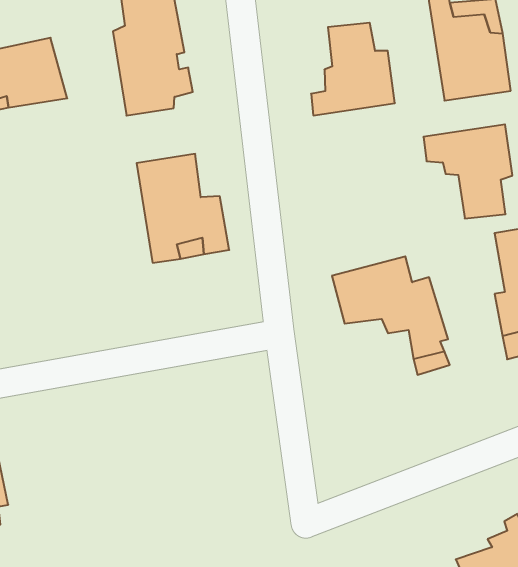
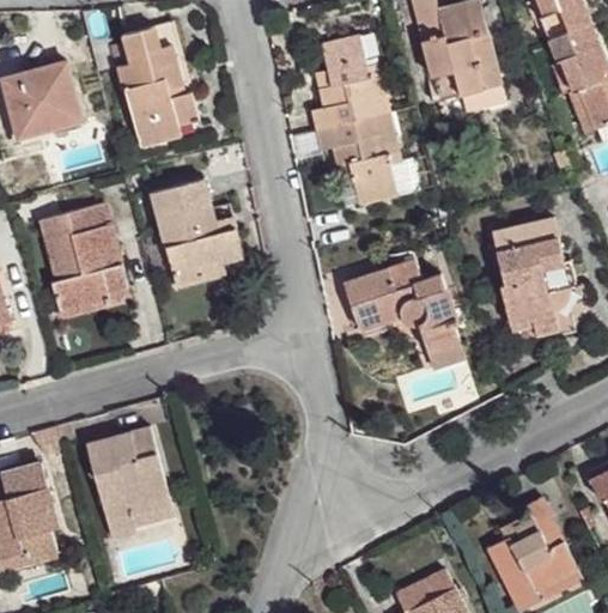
building: [423,124,512,218] -> [316,114,403,206]
building: none -> [36,206,122,311]
building: none -> [80,425,166,534]

